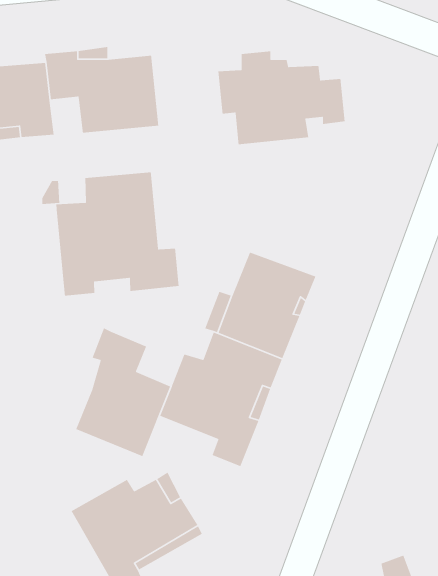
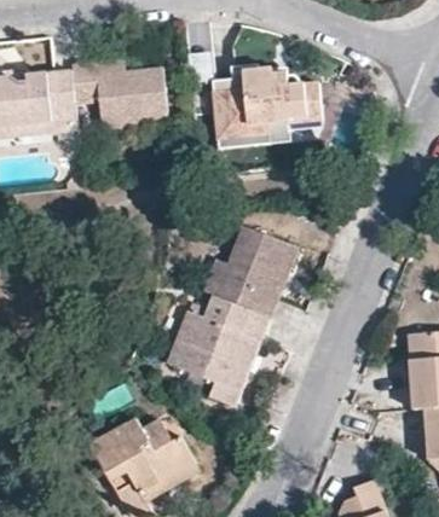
building: none -> [218,112,291,152]
building: [56,172,179,297] -> none
building: [75,327,171,457] -> none

